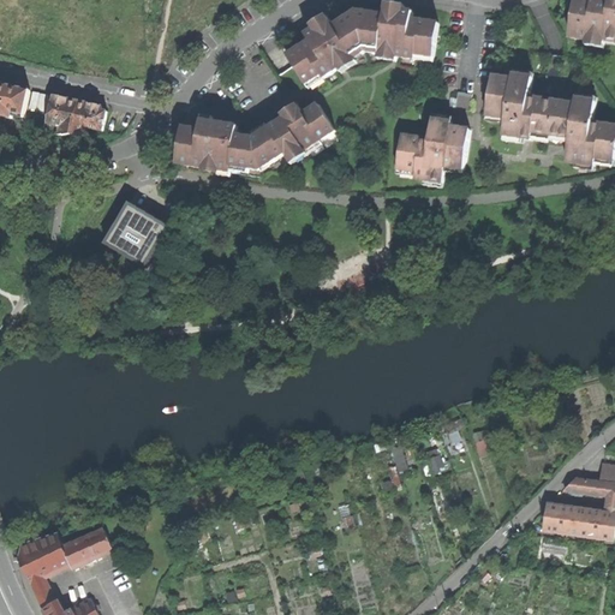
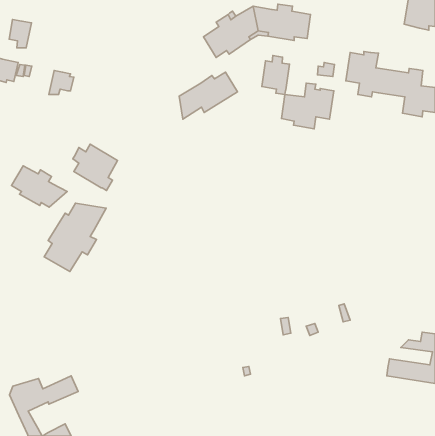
building: none -> [262,55,289,94]
building: [43,92,74,132] -> [9,20,31,48]
building: [173,118,256,168] -> none
building: none -> [12,166,67,207]
building: none -> [44,203,106,272]

